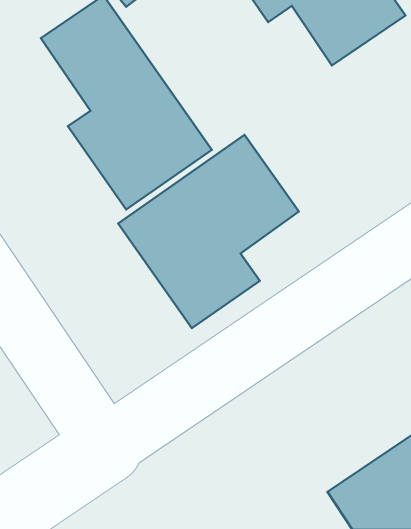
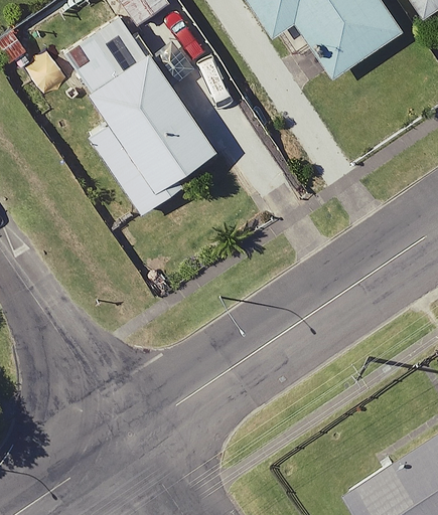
building: [118,135,299,328] -> none

